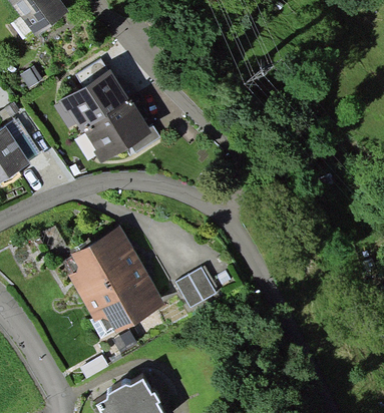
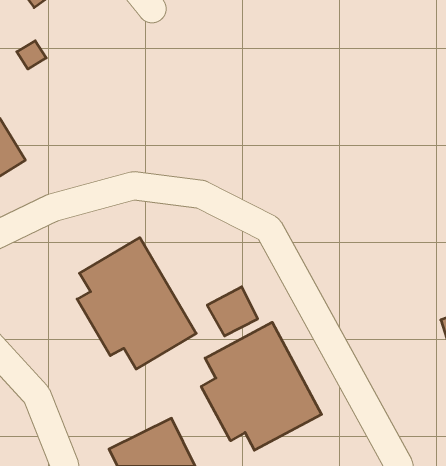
building: [63,70,147,159] -> none
building: none -> [201,322,322,450]

